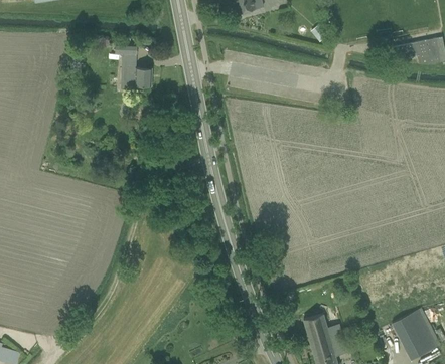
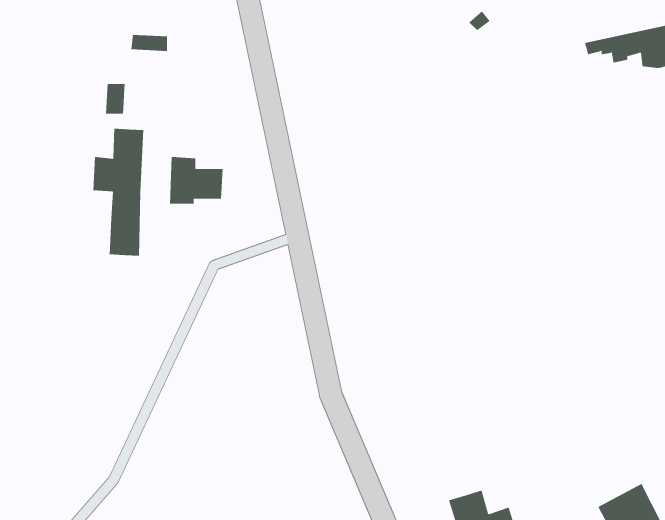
building: [121,60,153,88] -> [169,157,223,204]
building: none -> [93,128,144,256]

